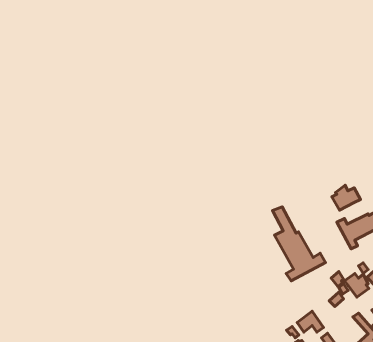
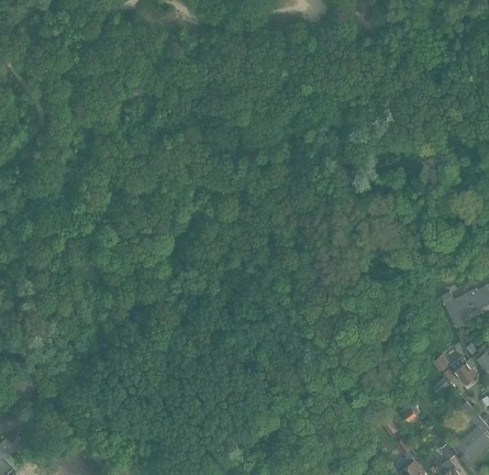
building: [332,185,361,210] -> none
building: [272,207,326,281] -> none

